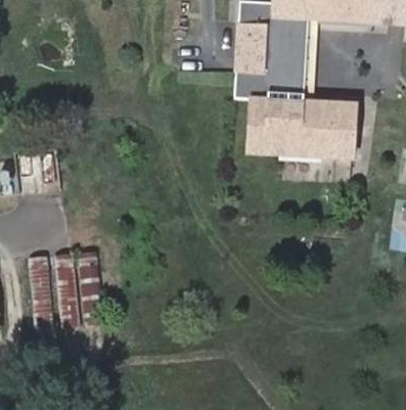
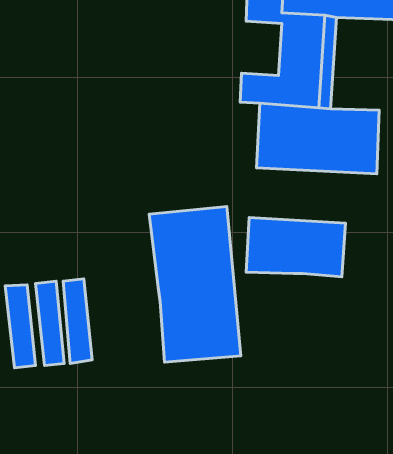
building: [234,21,270,70] -> none
building: none -> [149,206,241,362]
building: none -> [246,217,345,277]

